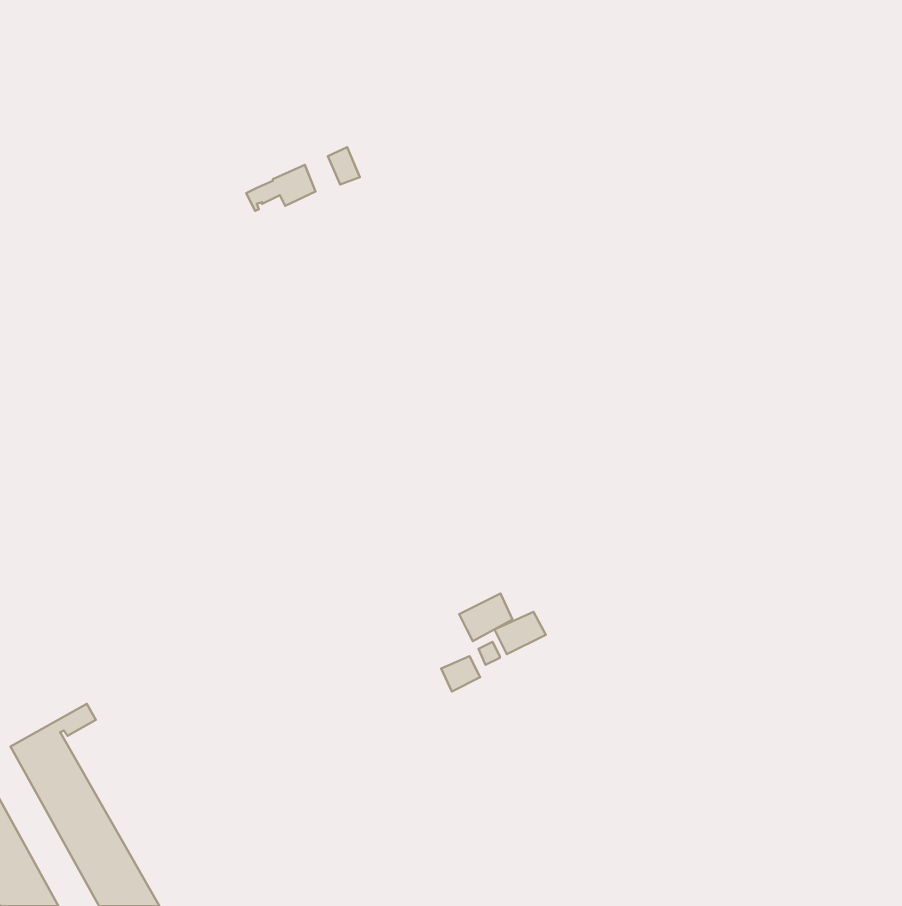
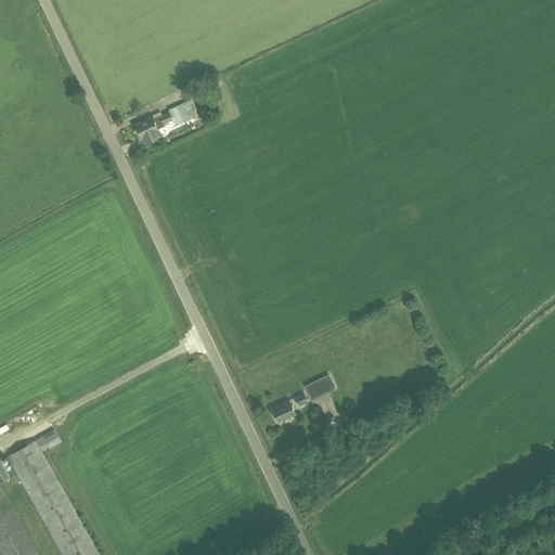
building: none -> [133,116,159,144]
building: [459,593,513,641] -> none

